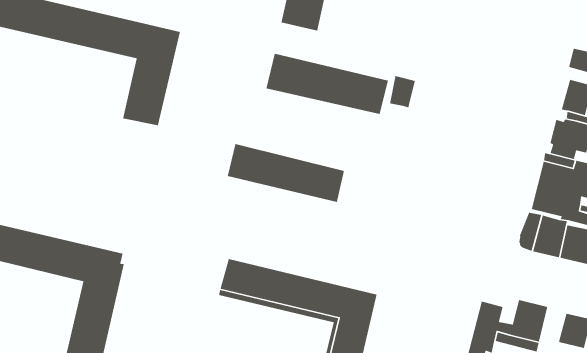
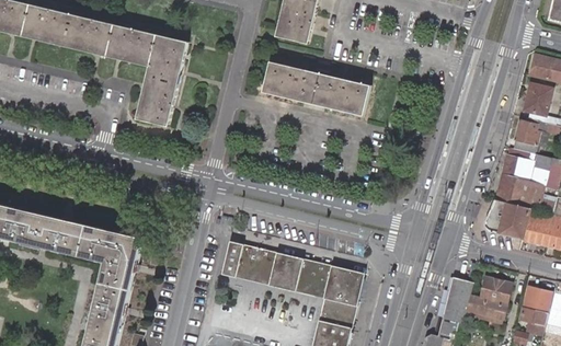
building: [389,75,416,109] -> none
building: [227,143,345,203] -> none

